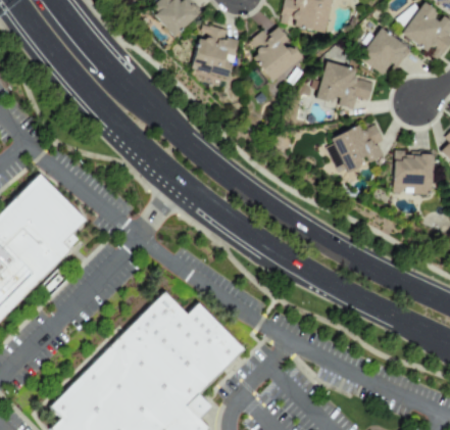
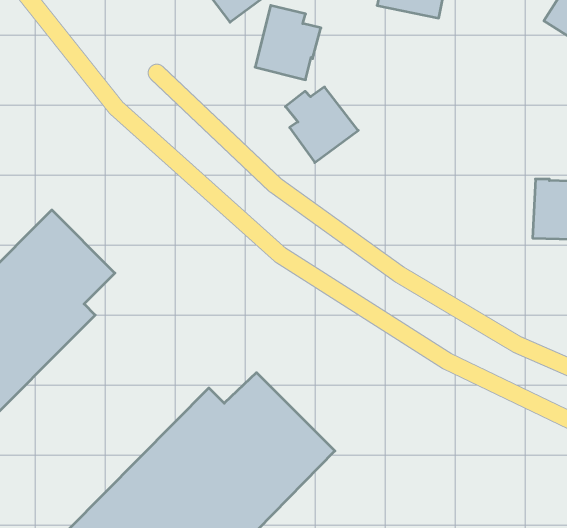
building: [248,27,301,82] -> [285,87,358,163]
building: [357,28,410,76] -> none
building: [315,61,372,109] -> none
building: [330,125,382,173] -> none

